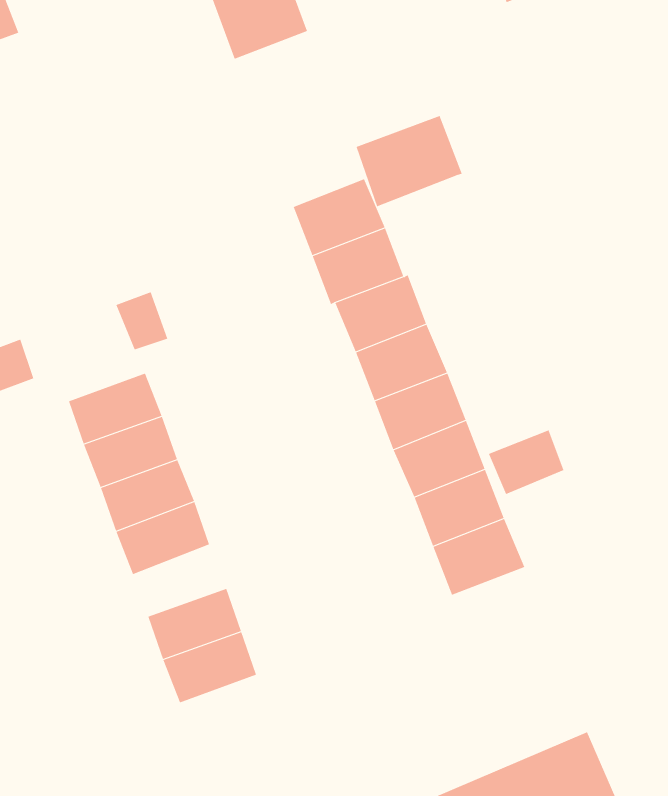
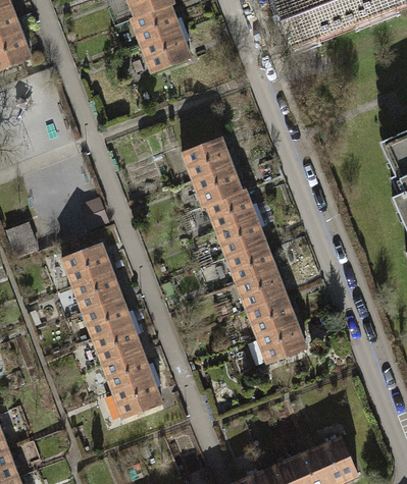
building: [356,115,463,207] -> none
building: [488,430,564,495] -> none
building: none -> [96,335,147,374]

